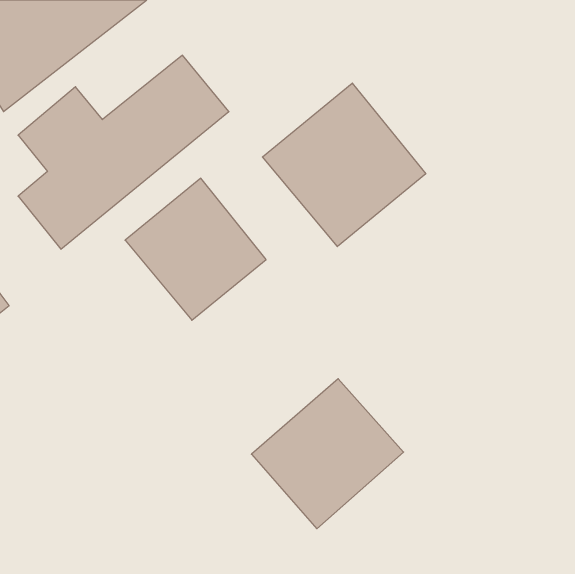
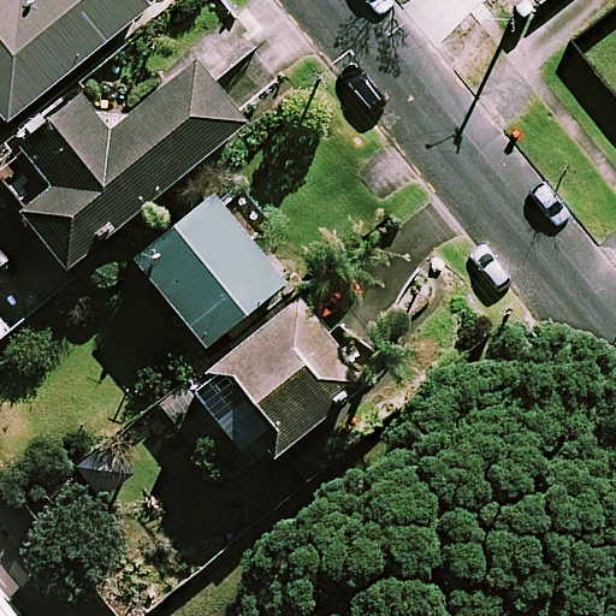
building: [262,83,426,247] -> none
building: [251,379,404,529] -> [197,300,360,460]

